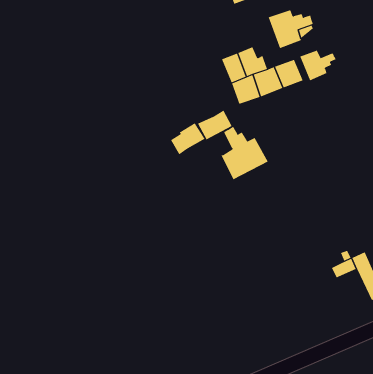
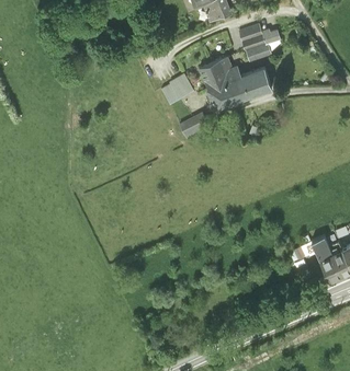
building: [300,49,336,81] -> none
building: [170,122,205,155] -> [162,74,193,103]
building: [221,126,268,180] -> none

